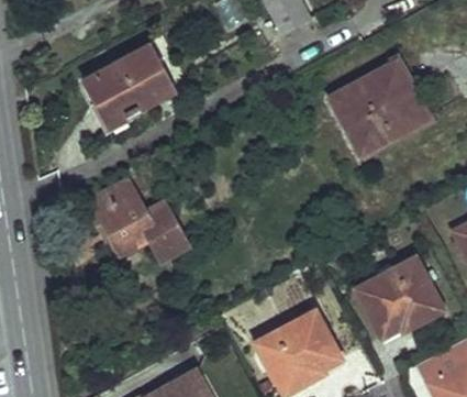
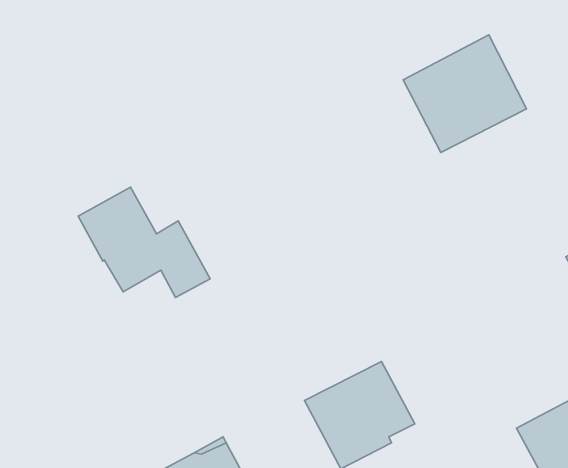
building: [85,47,173,126] -> none
building: [357,257,443,338] -> none

